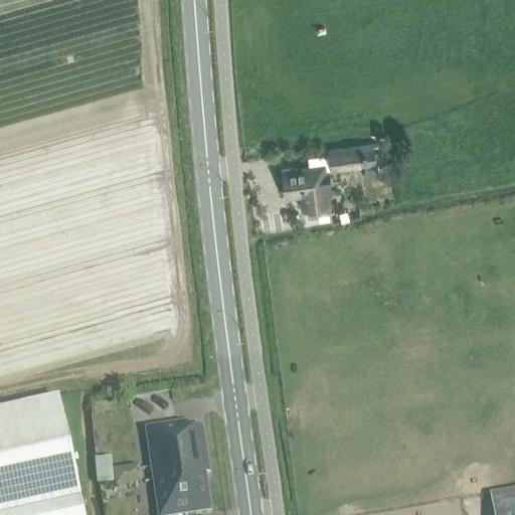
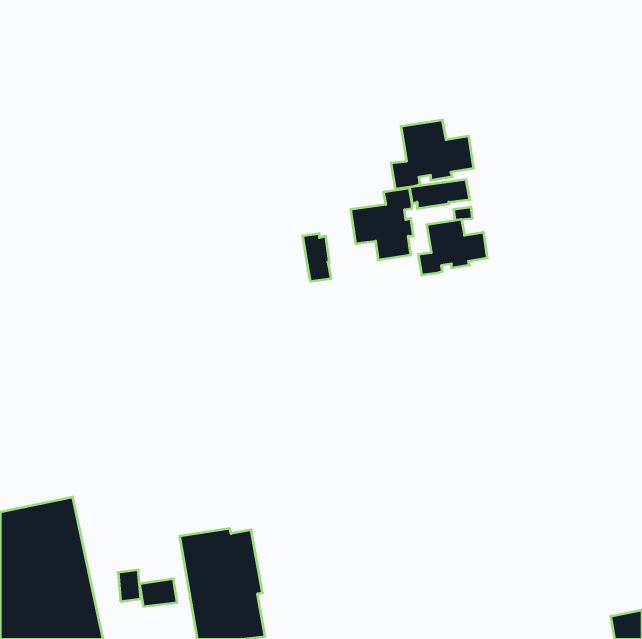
building: none -> [391,120,473,189]
building: none -> [418,219,487,275]
building: none -> [303,233,331,281]

